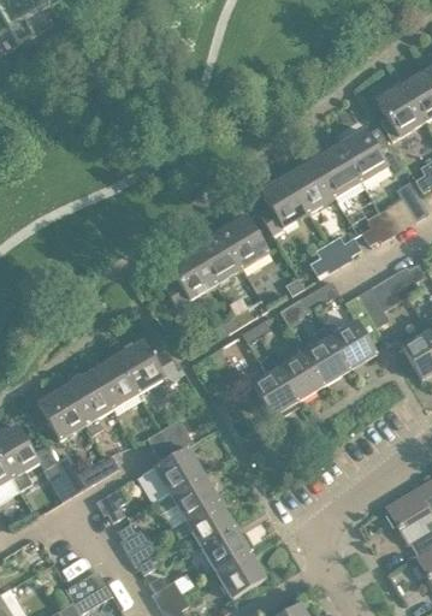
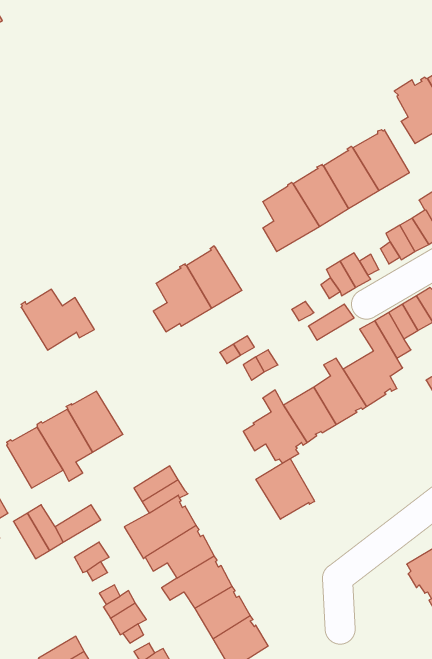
building: [218,214,268,268] -> none
building: [116,340,179,393] -> [21,289,94,350]
building: none -> [256,459,314,519]

